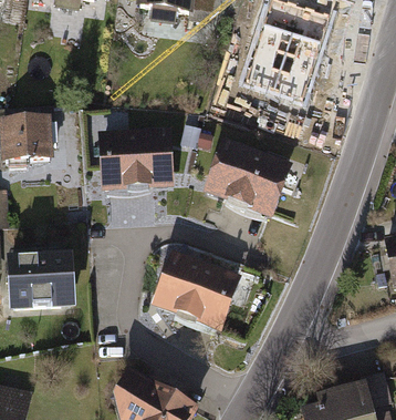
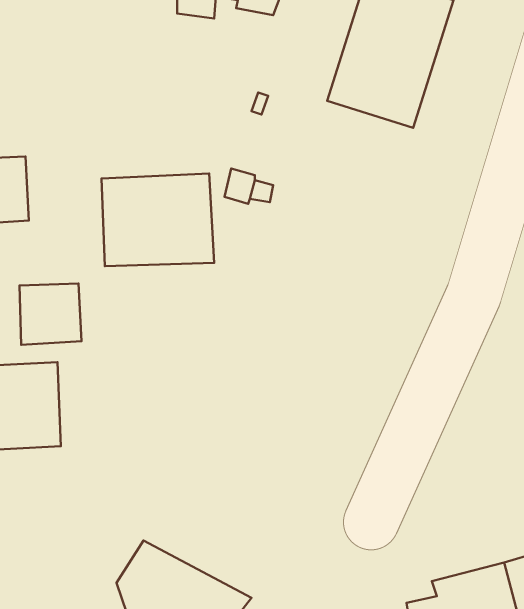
building: [201,136,290,216] -> none
building: none -> [19,284,82,345]
building: [150,249,240,329] -> none

